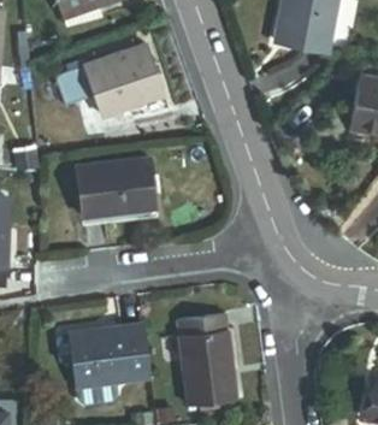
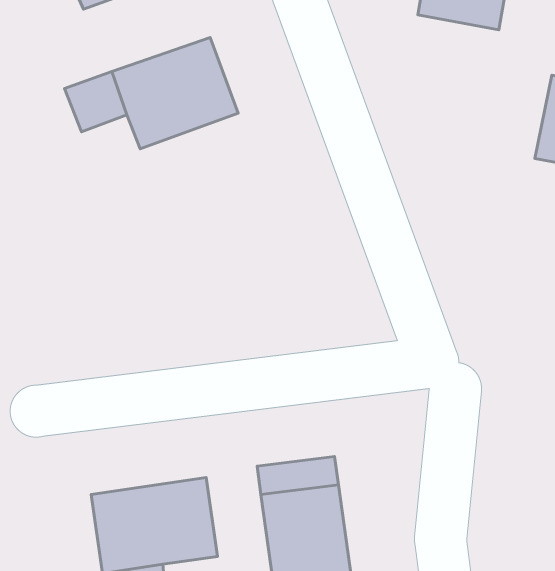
building: [76,158,155,217] -> none

